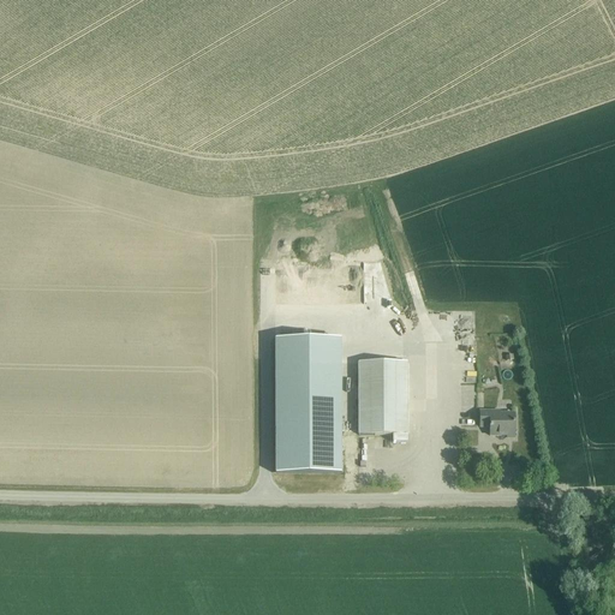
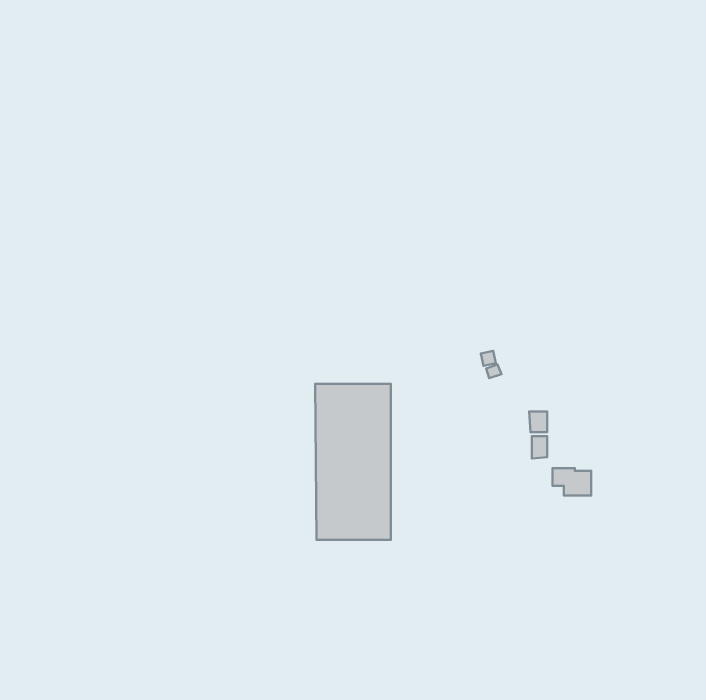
building: [358,359,406,431] -> none

